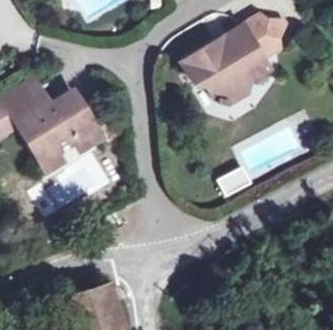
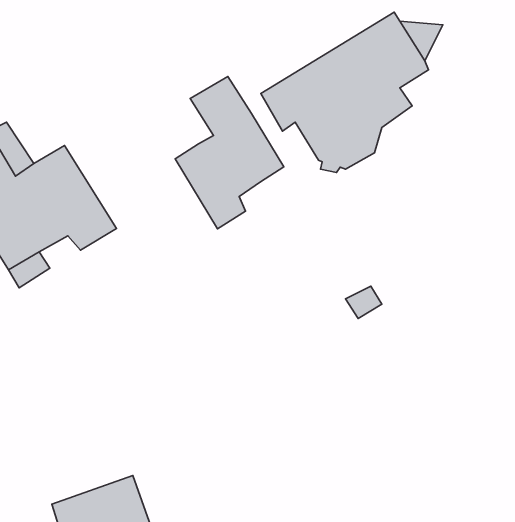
building: none -> [175,76,284,229]

